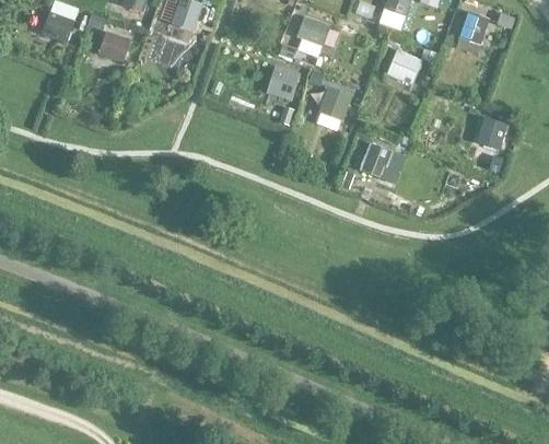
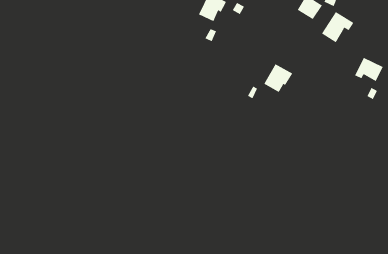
building: none -> [321,11,354,43]
building: [318,87,350,121] -> none

